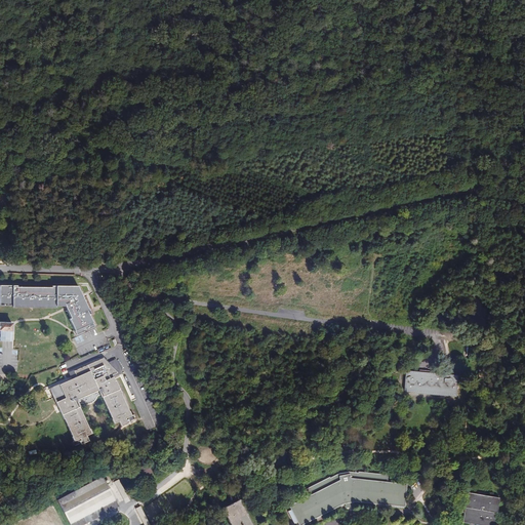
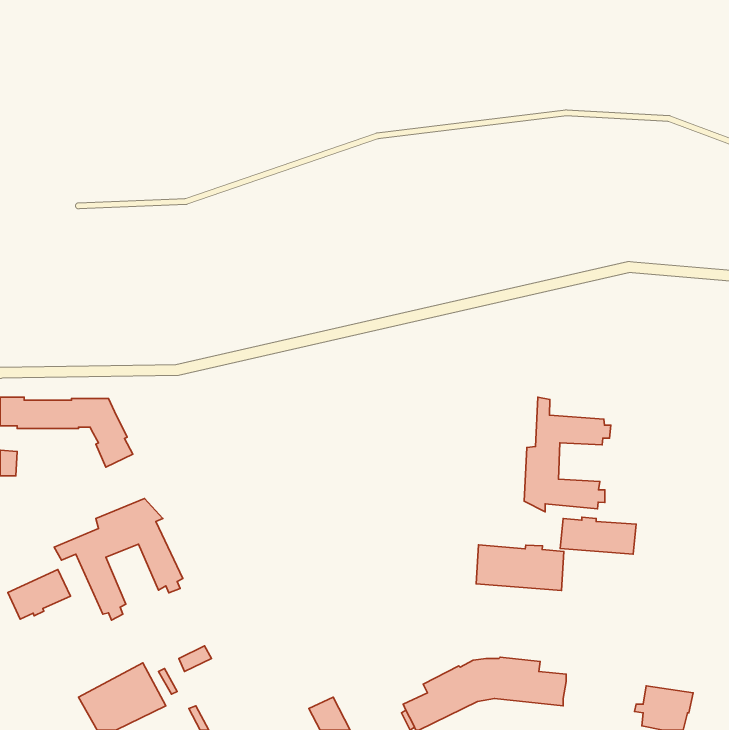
building: none -> [524,397,611,512]
building: none -> [476,545,564,590]
building: none -> [8,570,70,619]

